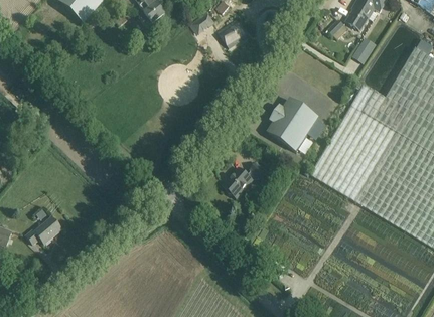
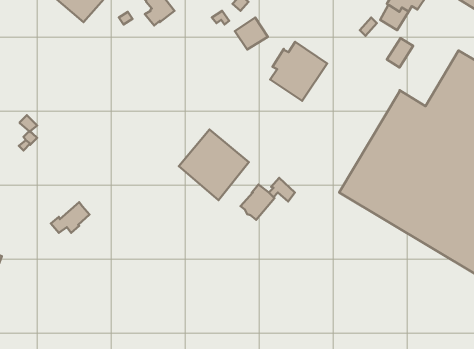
building: [268,98,318,150] -> [270,42,327,101]
building: none -> [179,130,249,200]
building: [25,215,59,243] -> [51,202,89,233]

